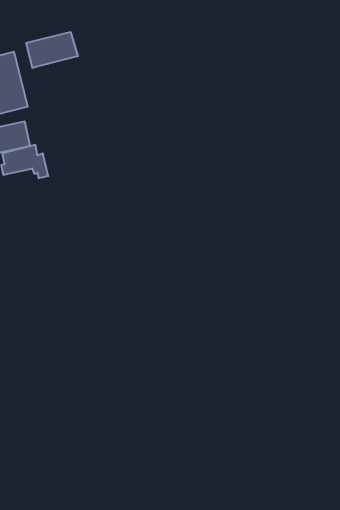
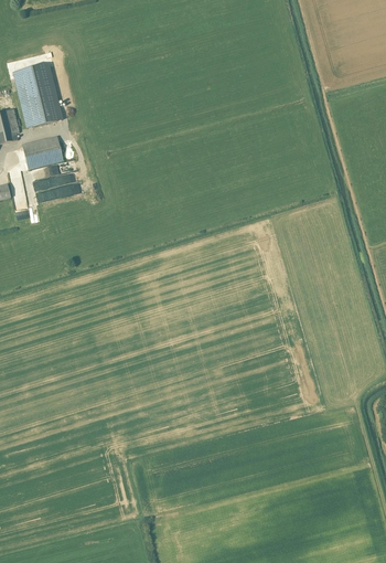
building: [26,32,78,68] -> none

